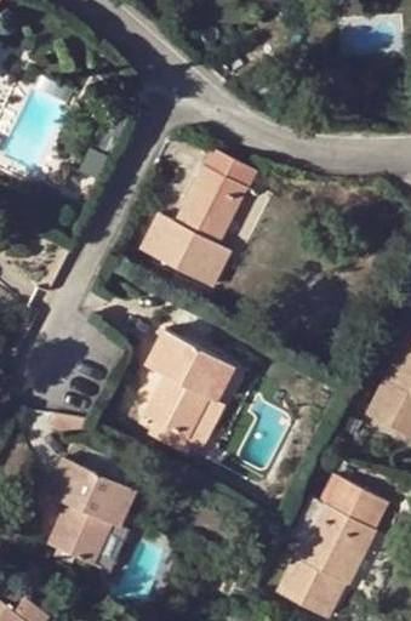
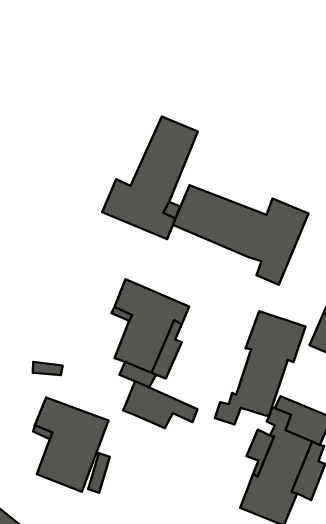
building: none -> [173,185,309,285]
building: none -> [215,311,305,425]
building: none -> [123,381,198,428]

